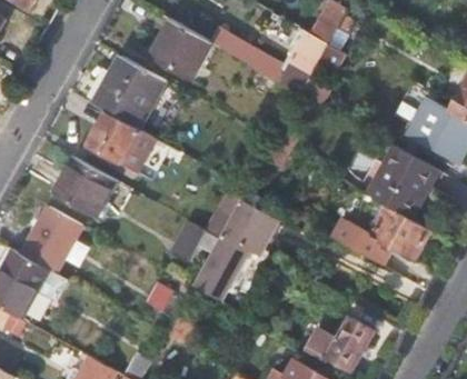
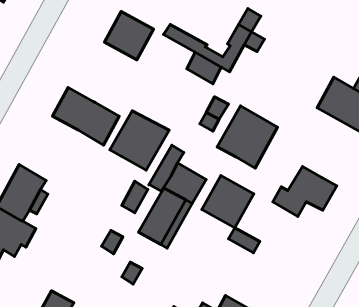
building: [93,57,165,128] -> [110,111,169,170]
building: [366,144,438,219] -> [217,106,277,168]
building: [54,157,116,215] -> none
building: none -> [202,175,254,228]
building: [307,316,374,367] -> none

